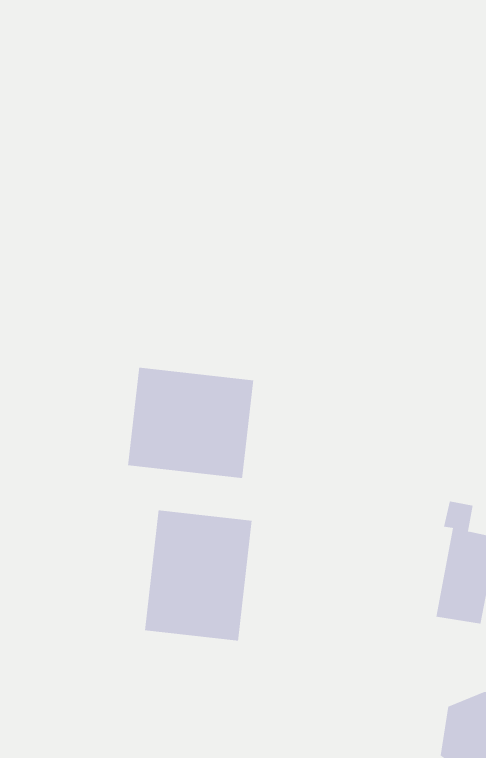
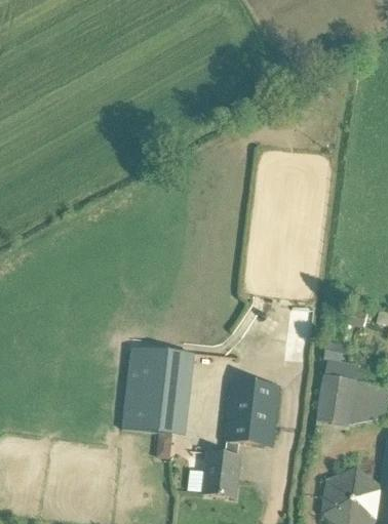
building: [128,367,254,479] -> none
building: none -> [205,381,279,498]

